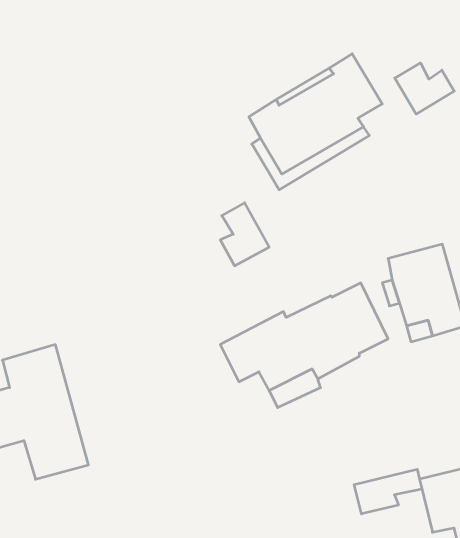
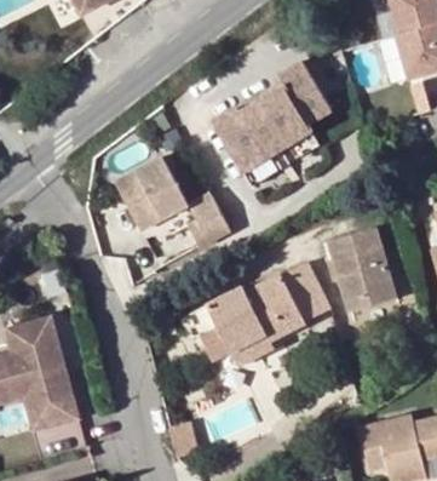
building: [395,63,454,114] -> none
building: none -> [119,159,191,231]
building: [354,469,422,514] -> none

